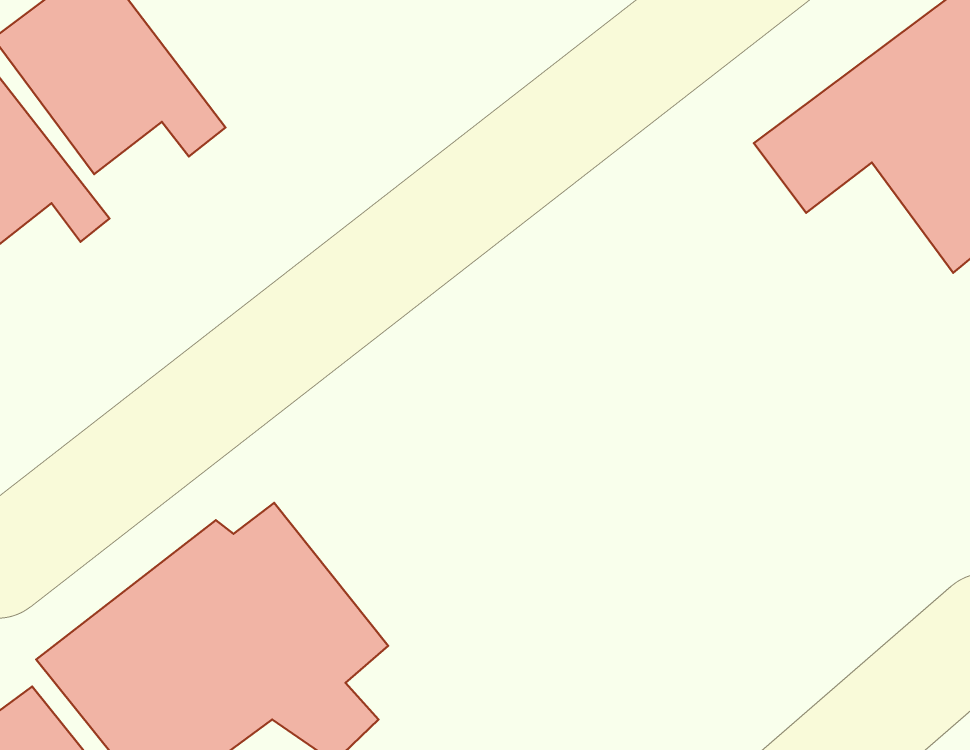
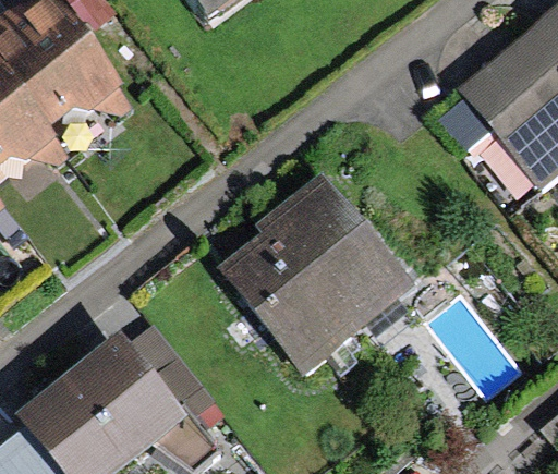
building: none -> [221,191,393,361]

